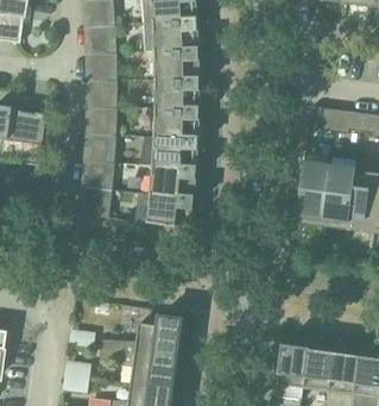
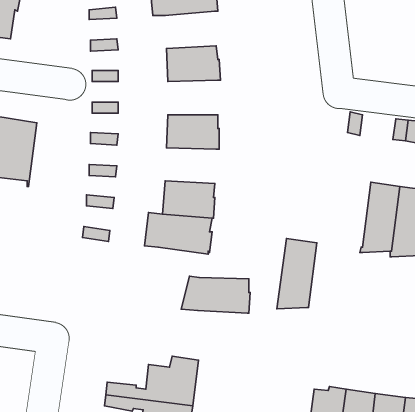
building: [144,17,201,49] -> none
building: [157,76,202,106] -> none
building: [140,133,200,165] -> [181,276,250,313]
building: [297,161,331,221] -> [277,239,317,309]

